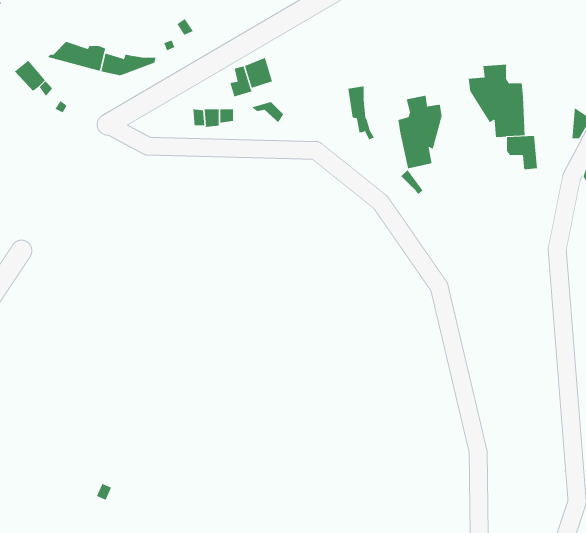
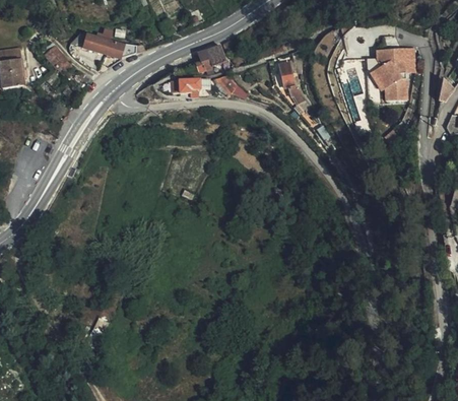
building: [398,95,442,169] -> none
building: [506,136,538,170] -> [394,47,416,71]

